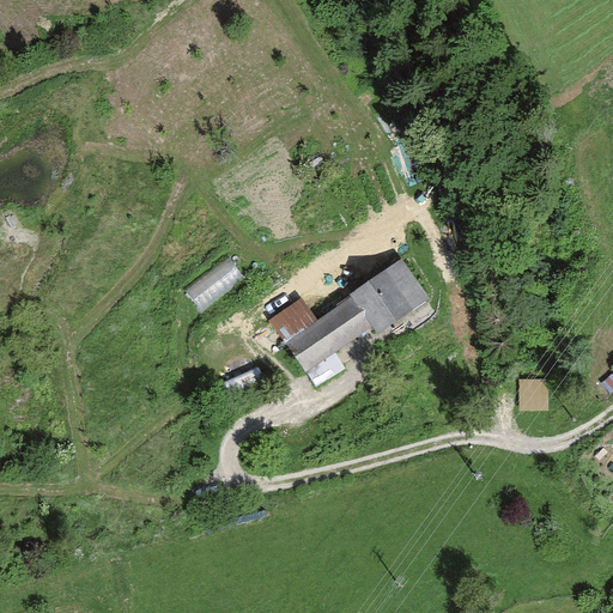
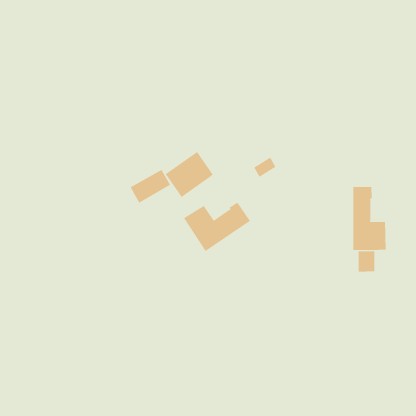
building: [351,265,423,333] -> [165,151,214,198]
building: none -> [353,186,386,251]

